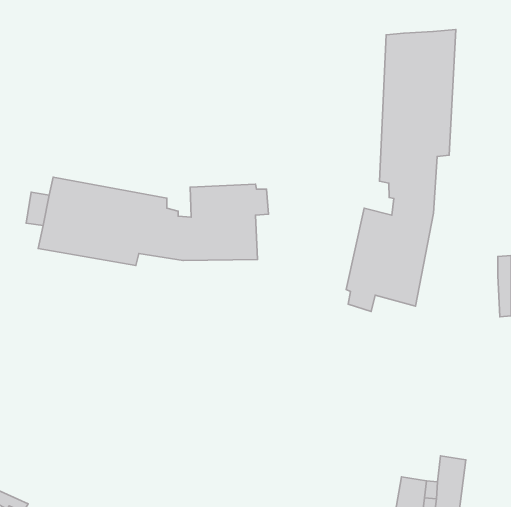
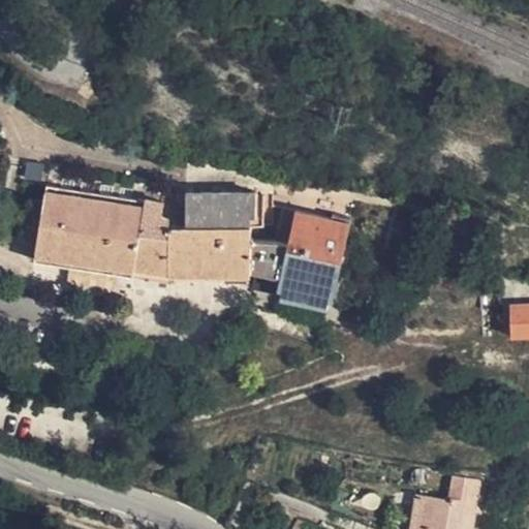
building: [346,30,456,312] -> none
building: none -> [274,218,344,319]

